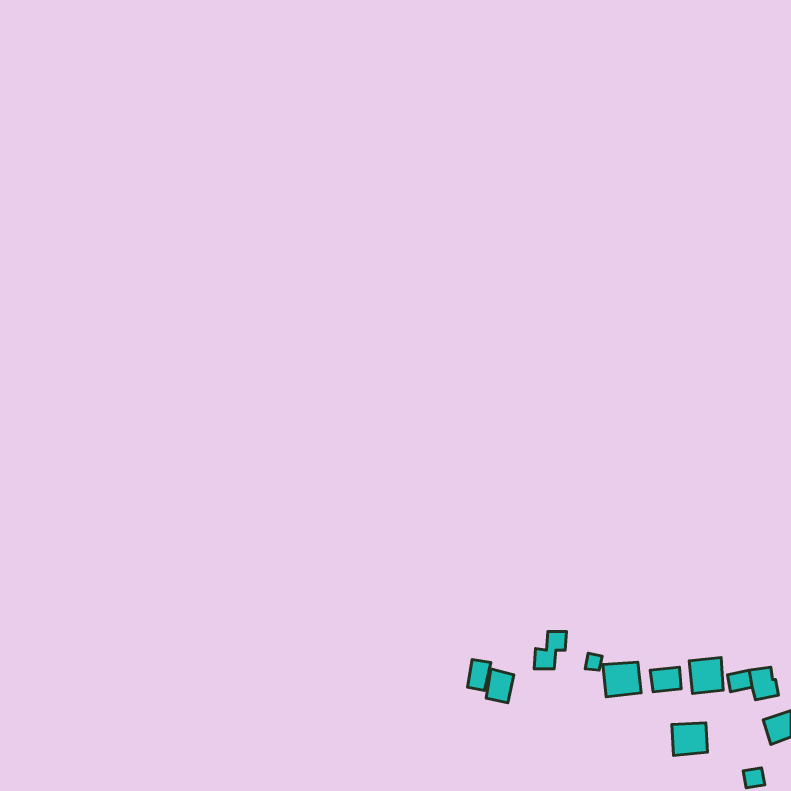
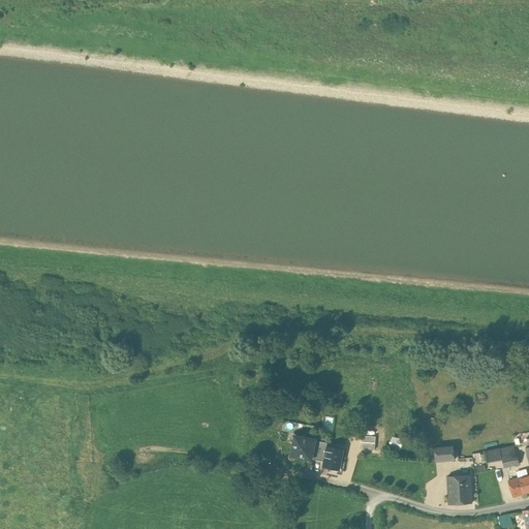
building: none -> [291,435,315,459]
building: [689,657,723,693] -> none
building: [603,662,641,697] -> none

